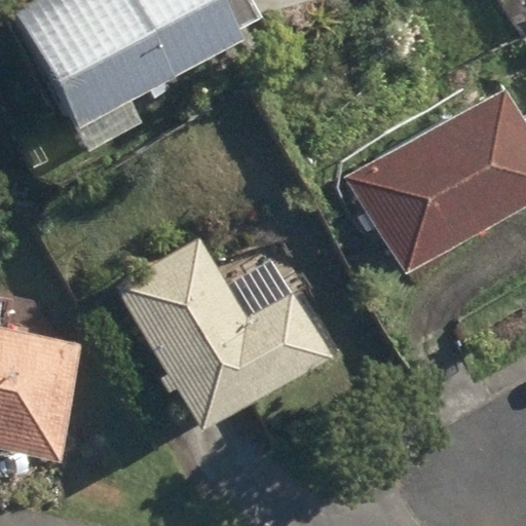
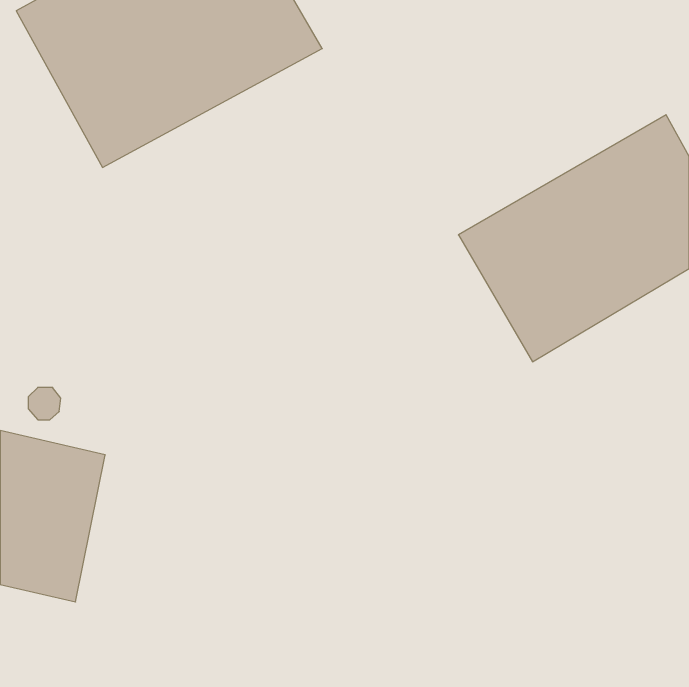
building: [117,237,331,425] -> none

